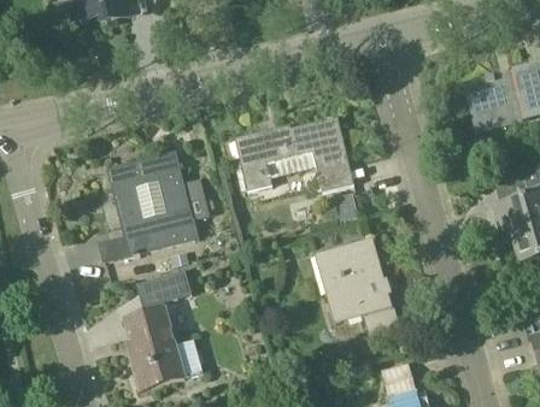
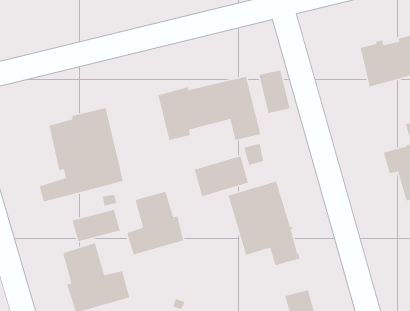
building: none -> [258,70,290,114]
building: none -> [194,155,249,197]
building: none -> [126,191,184,256]

